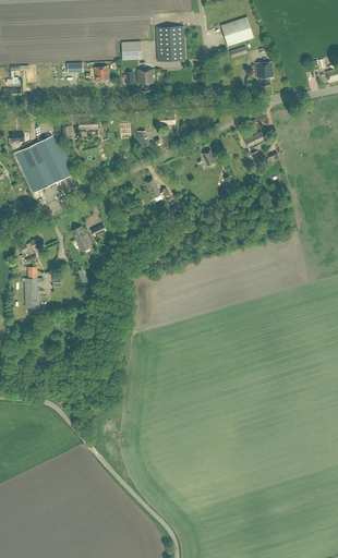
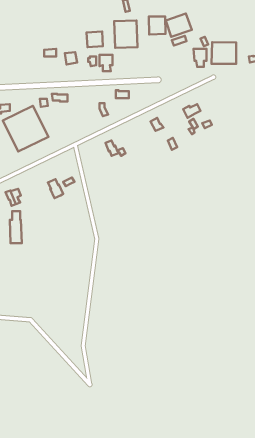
building: none -> [149,16,165,35]
building: none -> [212,42,236,64]

